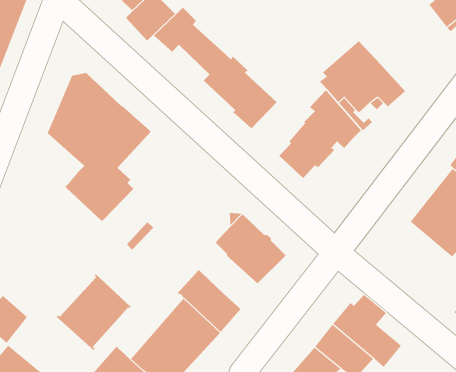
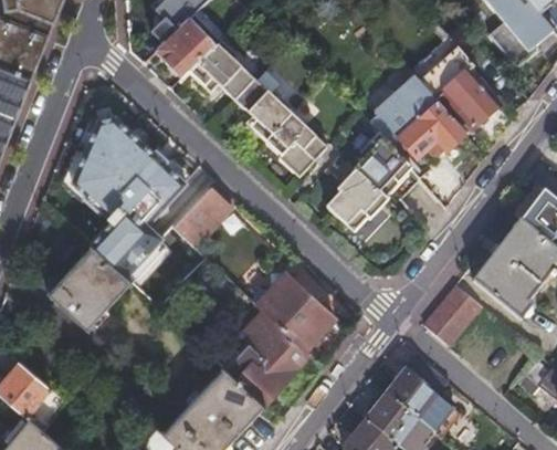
building: none -> [413,40,501,129]
building: none -> [174,186,232,247]
building: none -> [427,285,482,346]
building: none -> [239,307,308,377]
building: [56,273,131,351] -> [46,242,130,328]

